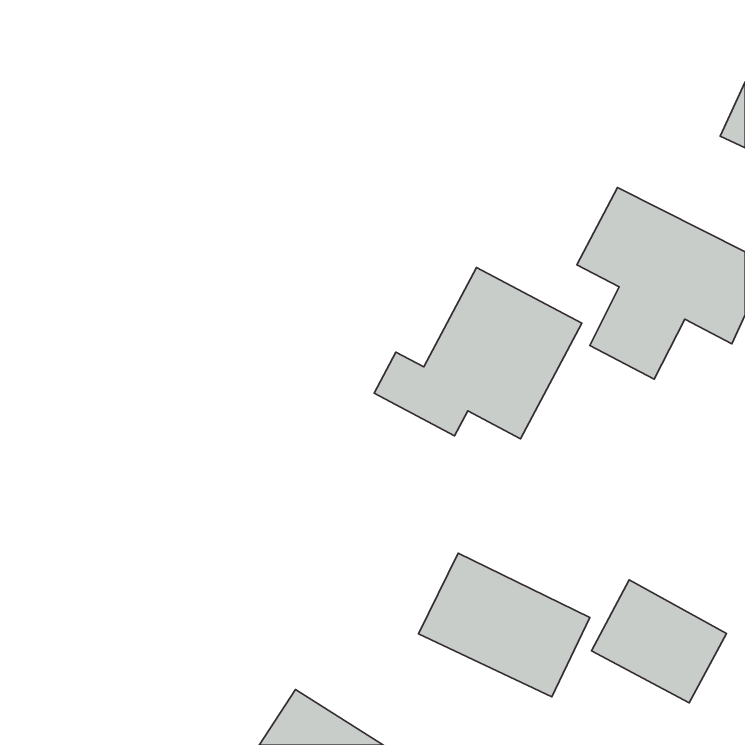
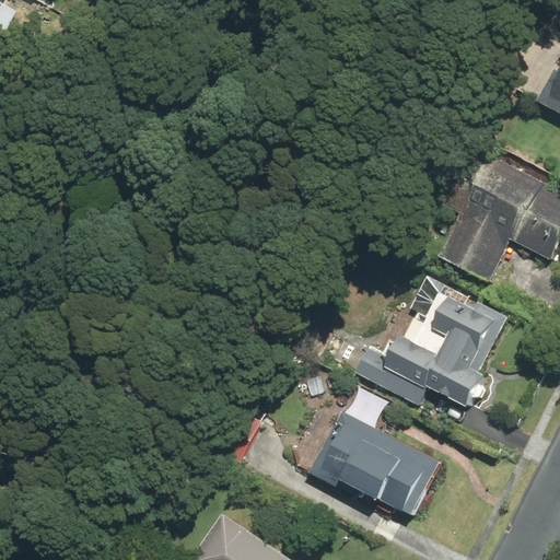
building: [374,267,582,439] -> [358,278,513,406]
building: [591,580,727,703] -> none

